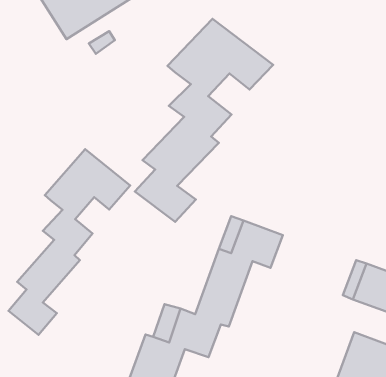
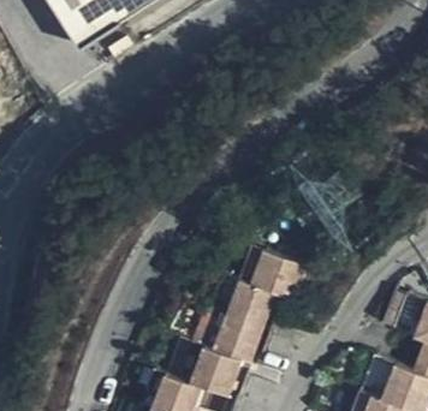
building: [135,19,273,222] -> none
building: [8,149,130,335] -> none

